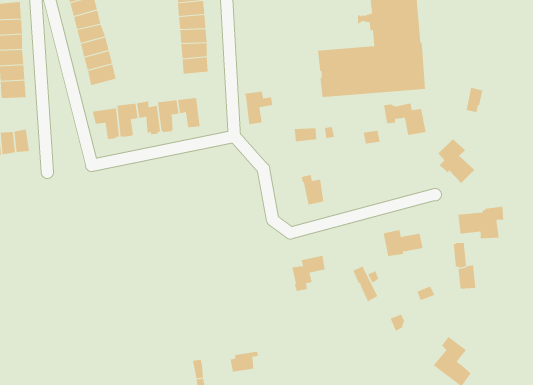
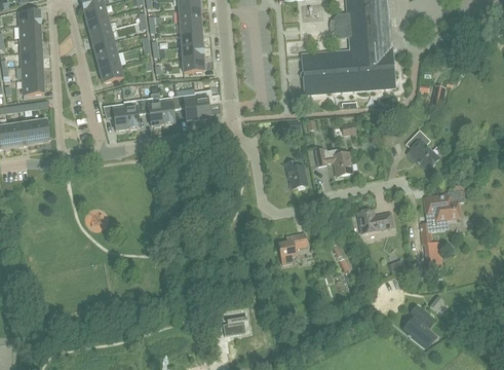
building: [244,91,273,125] -> [193,89,219,119]
building: [383,103,426,136] -> [314,147,352,176]

